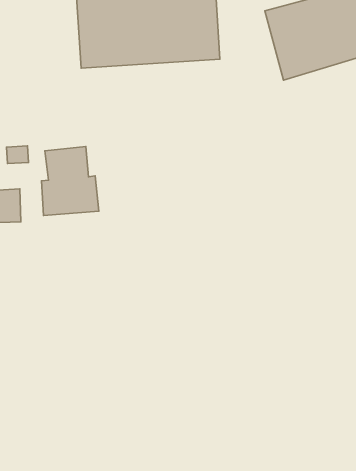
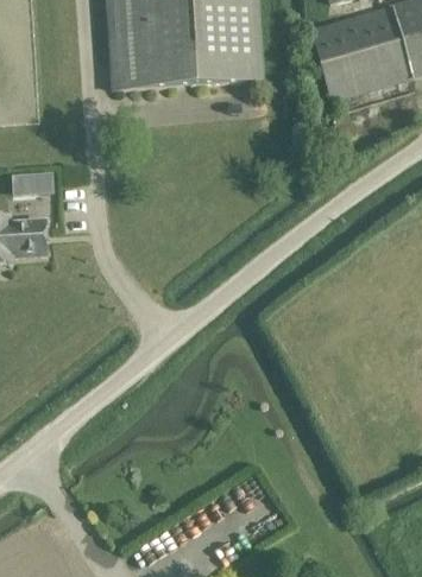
building: [42,147,99,215] -> none

